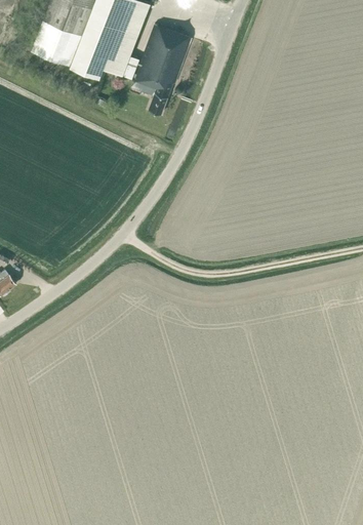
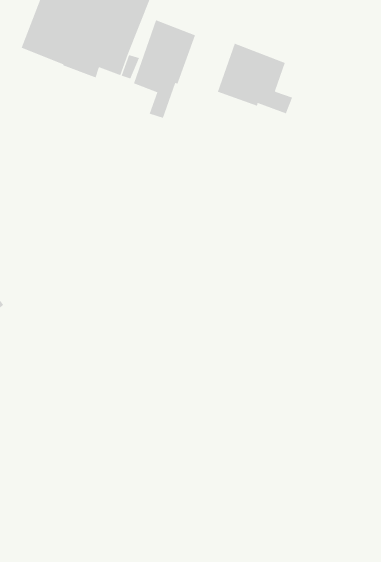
building: none -> [217,43,293,114]

